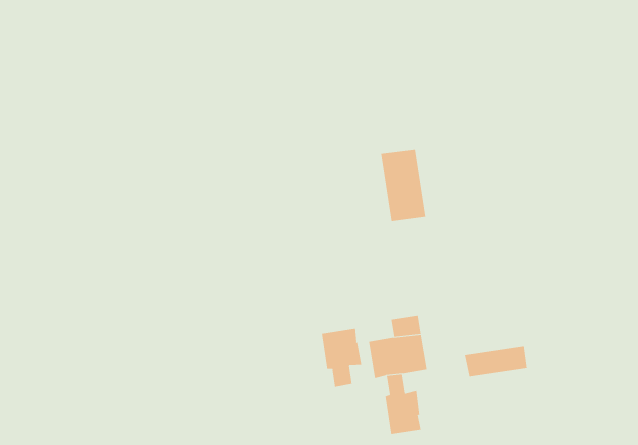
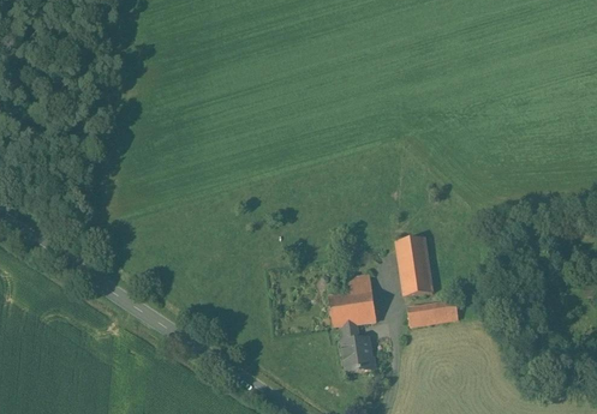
building: [381,149,426,221] -> [395,236,432,295]
building: [322,328,362,388] -> none

